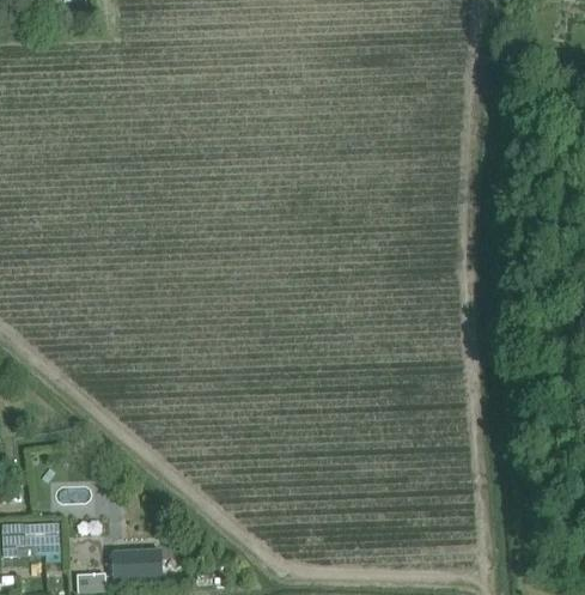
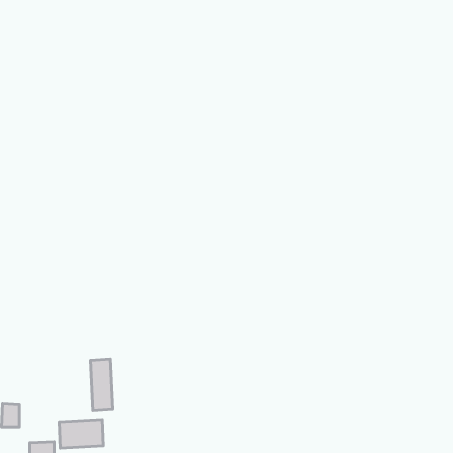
building: none -> [90,359,113,410]

